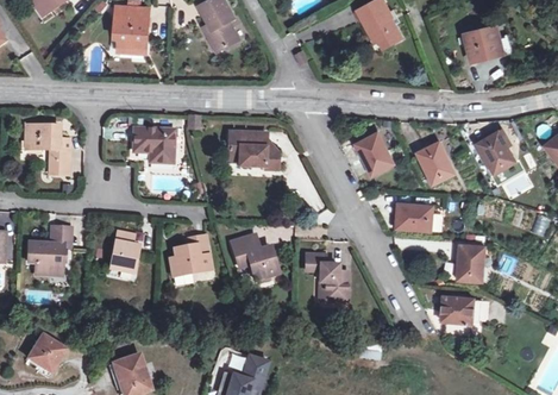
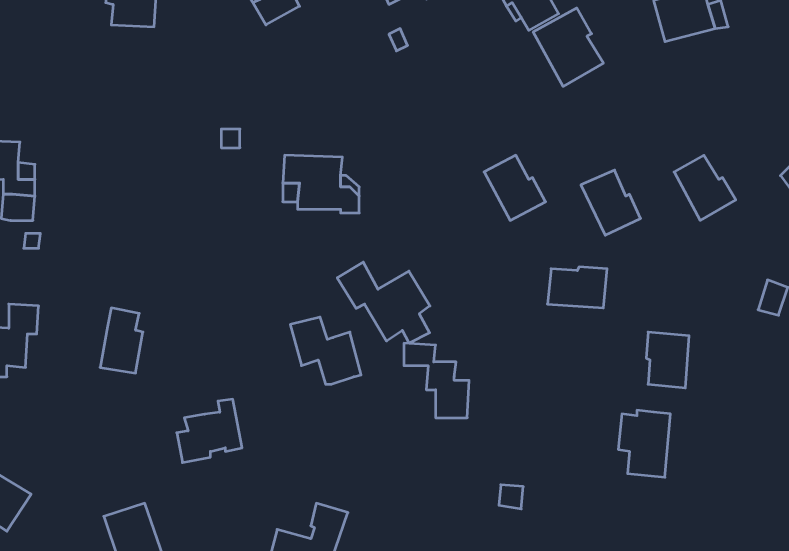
building: none -> [533,8,603,86]
building: [132,126,174,161] -> none
building: none -> [337,262,430,343]
building: [169,236,211,276] -> [177,399,242,463]

